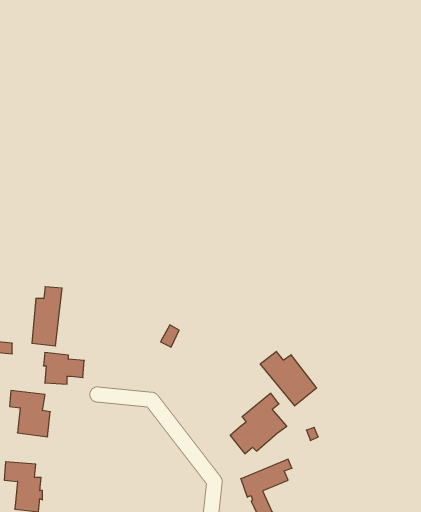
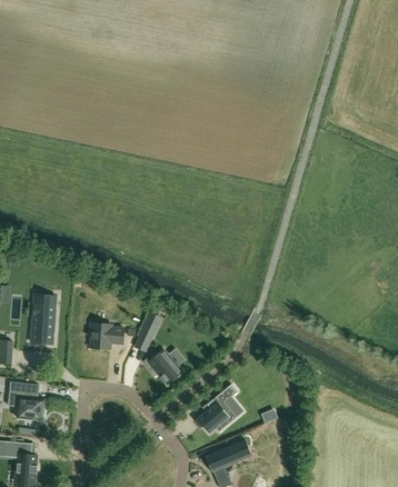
building: [260,351,317,406] -> none
building: none -> [145,349,182,385]
building: [43,353,84,384] -> [90,322,125,349]

